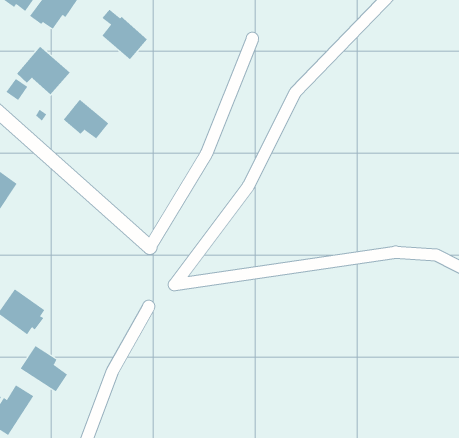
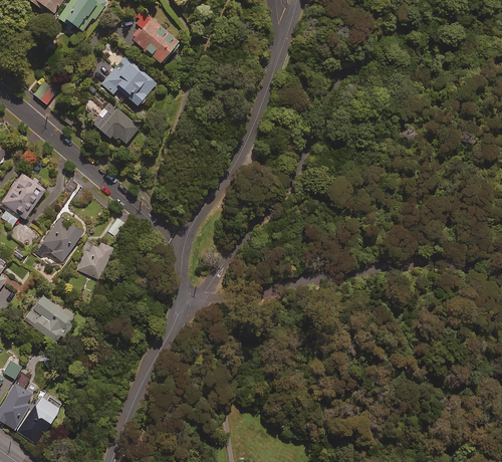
building: [16,46,70,95] -> [101,55,157,105]
building: none -> [39,216,82,261]
building: none -> [76,242,112,278]
building: [20,345,68,392] -> none

